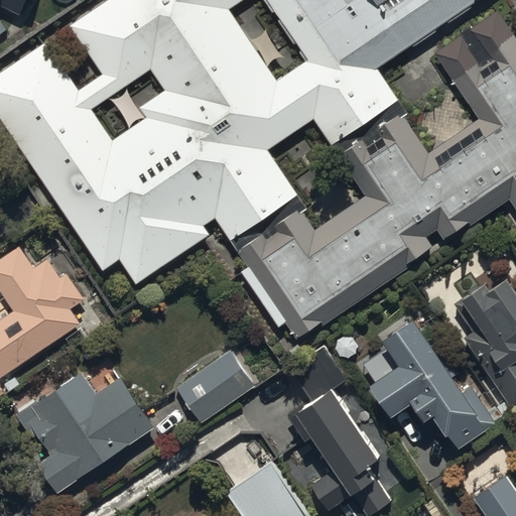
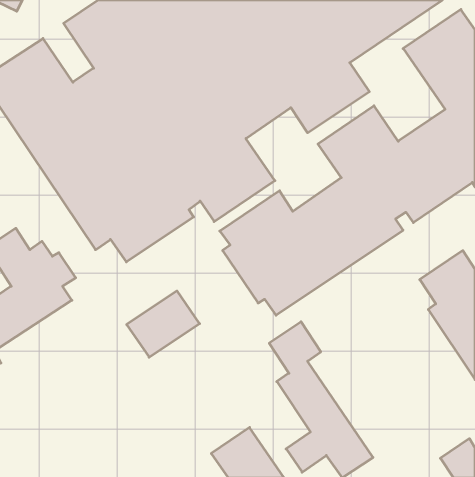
building: [372,319,488,448] -> none
building: [175,351,254,422] -> [127,291,200,357]
building: [6,373,151,493] -> none

